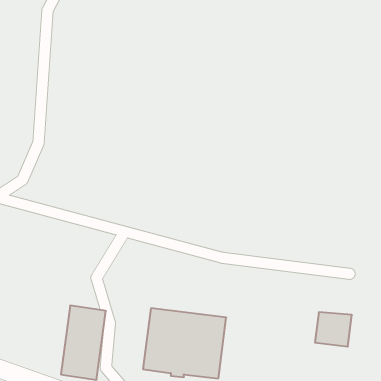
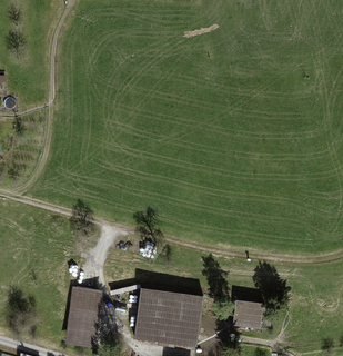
building: [315,312,352,347] -> [233,300,264,329]

